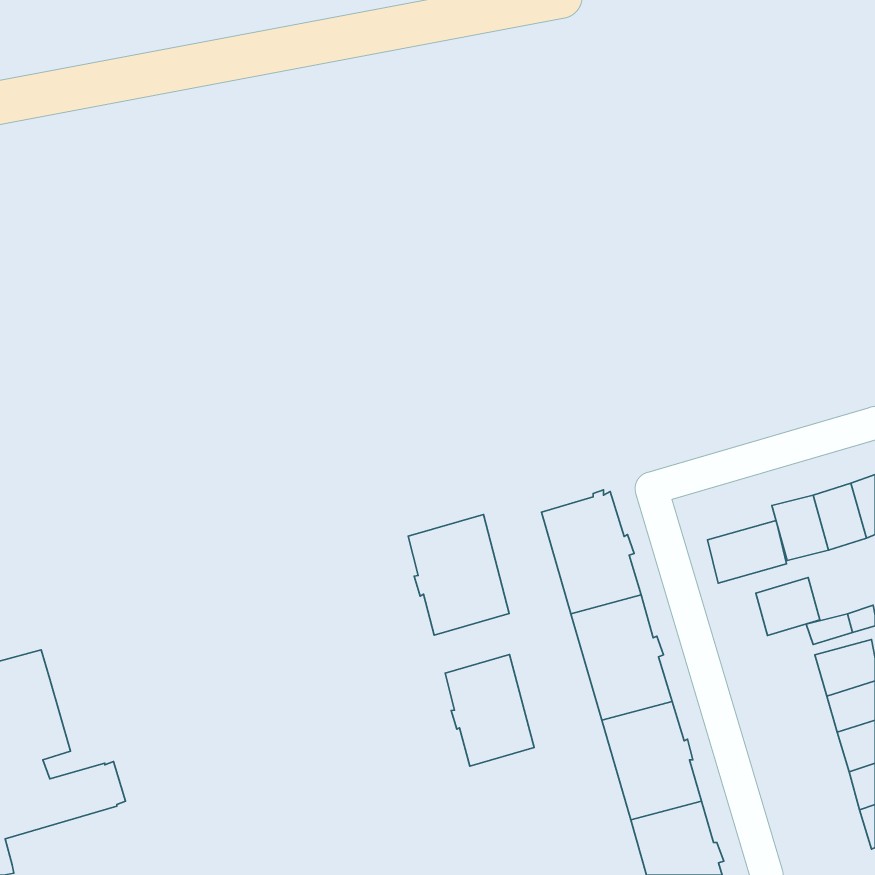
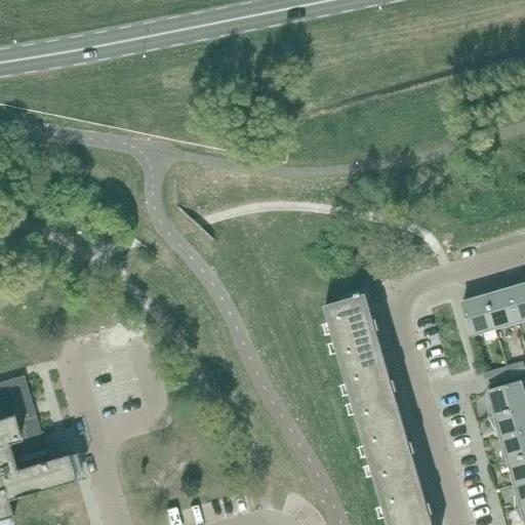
building: [408,515,509,635] -> none
building: [708,520,787,583] -> none
building: [756,578,820,636] -> none
building: [445,655,534,766] -> none

